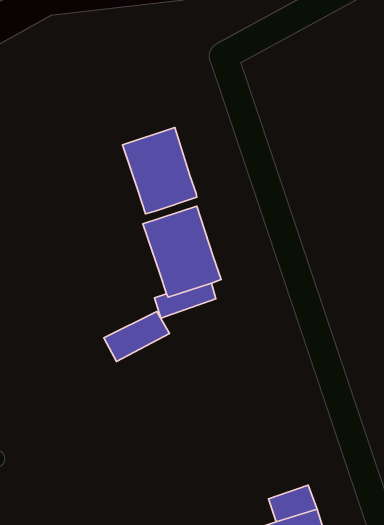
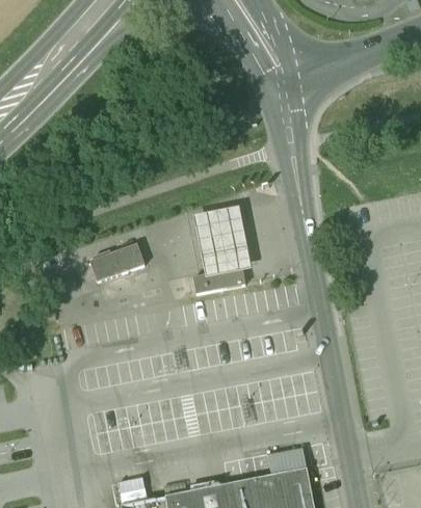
building: [122,128,197,214] -> none
building: [104,311,170,361] -> [89,245,144,283]

